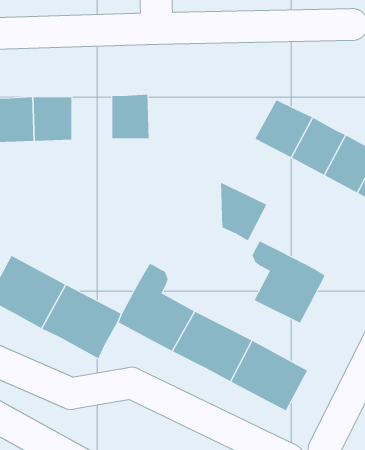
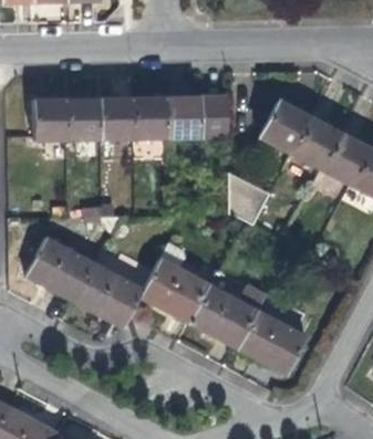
building: none -> [167,96,228,136]
building: none -> [101,98,135,137]
building: [252,240,326,324] -> none

